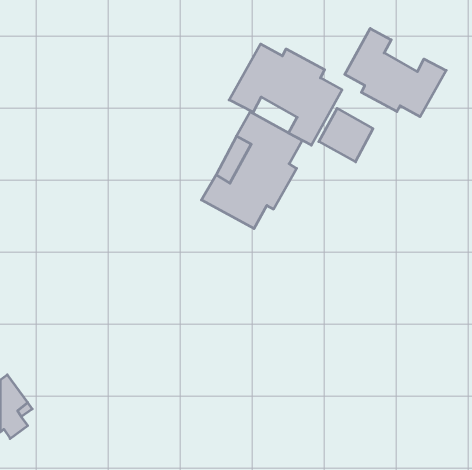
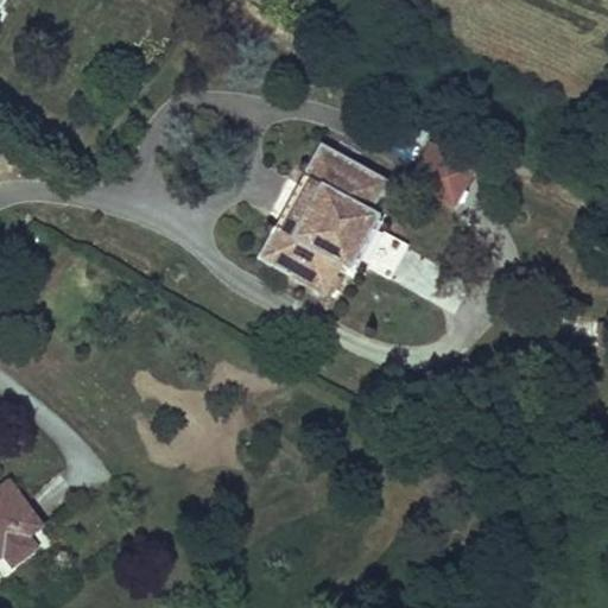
building: [345,28,446,117] -> none
building: [229,44,342,145] -> none

